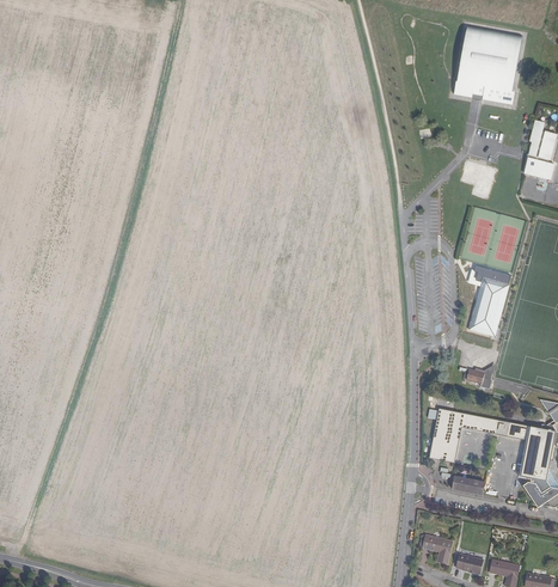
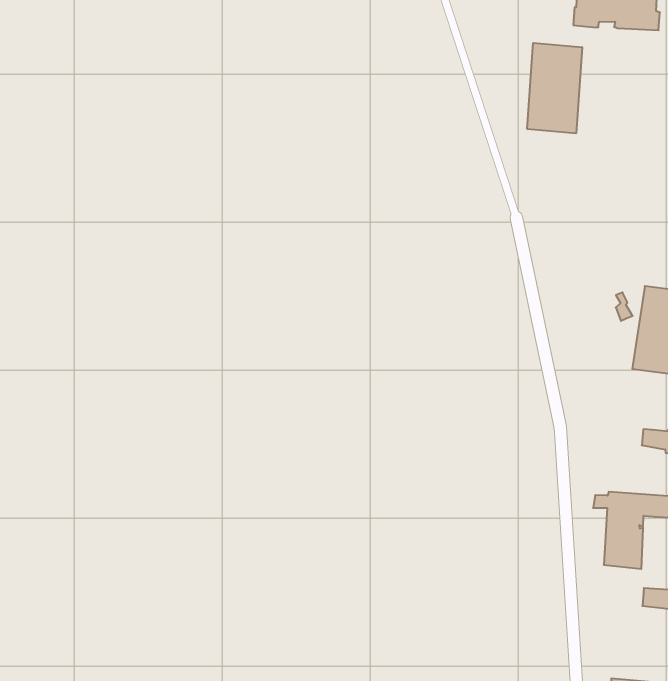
building: none -> [527,43,582,133]

